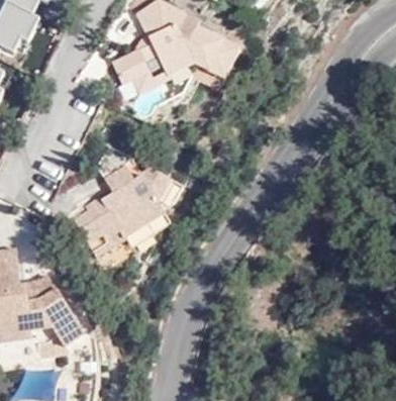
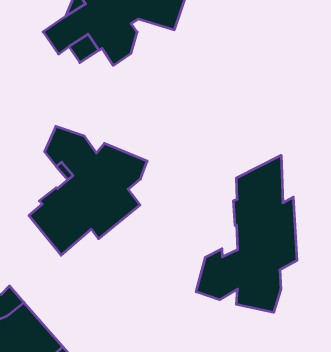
building: none -> [196,155,297,312]

